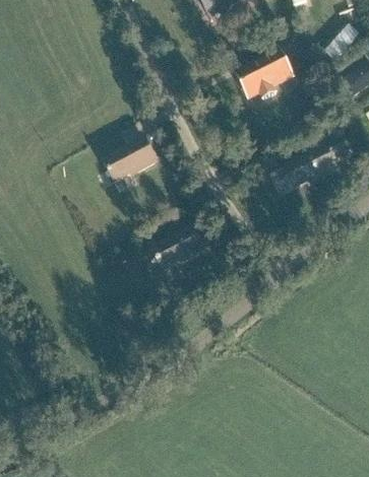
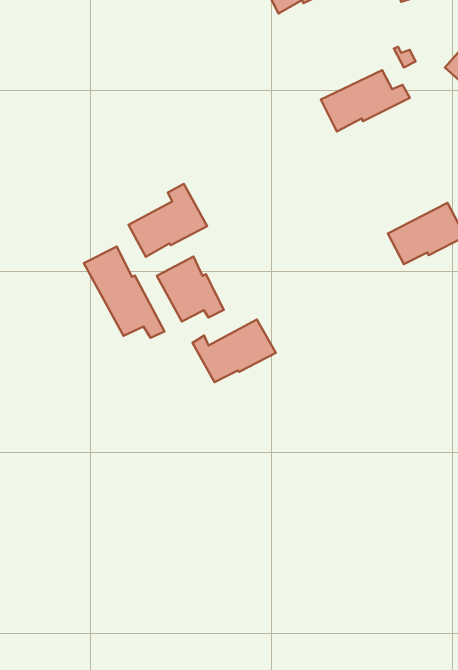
building: none -> [84,246,164,338]
building: none -> [157,256,224,321]

